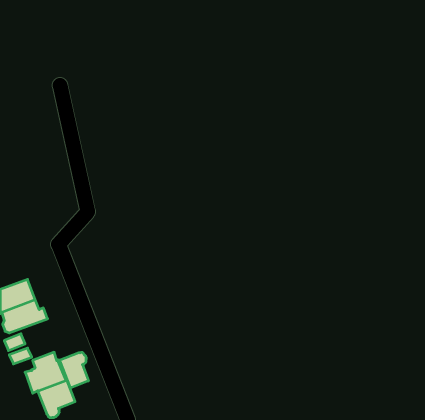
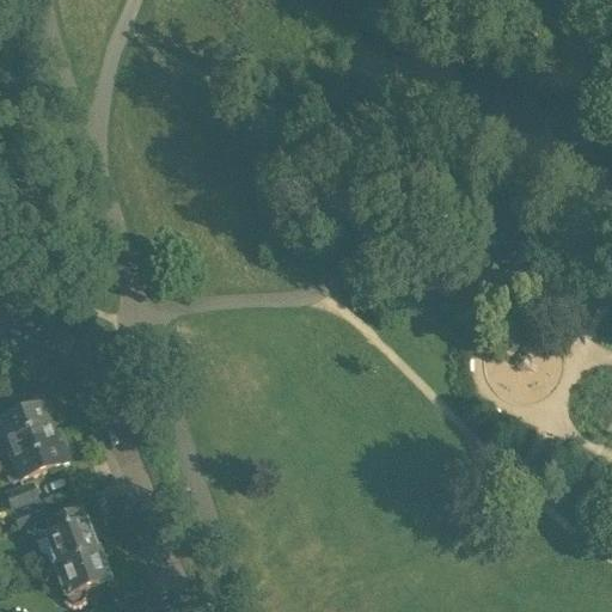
building: [59,352,88,388] -> none

